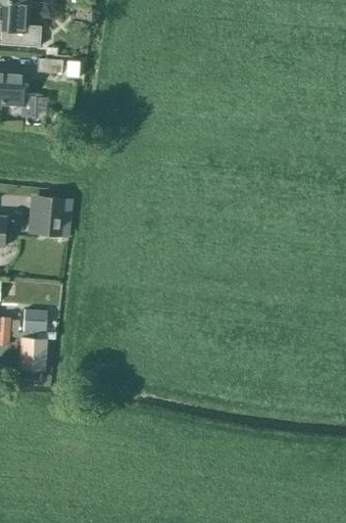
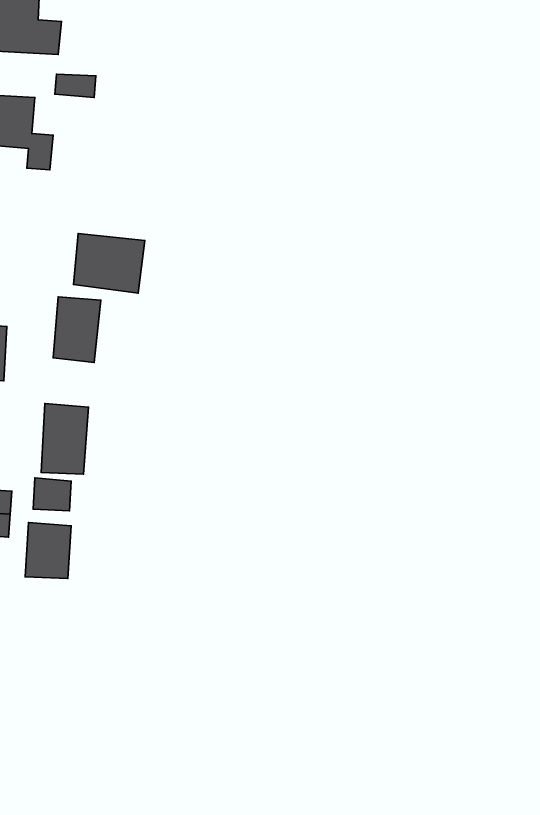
building: none -> [74,233,145,293]
building: none -> [41,404,89,474]

